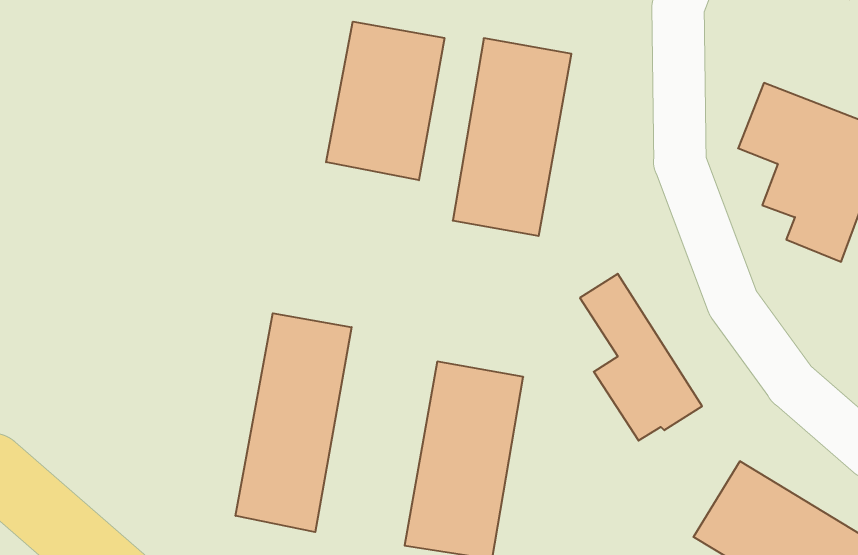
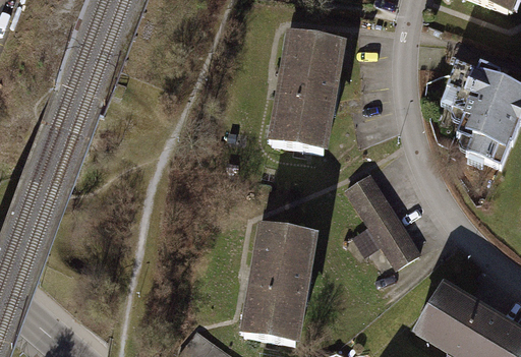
building: [326,22,444,180] -> none
building: [236,313,352,532] -> none

